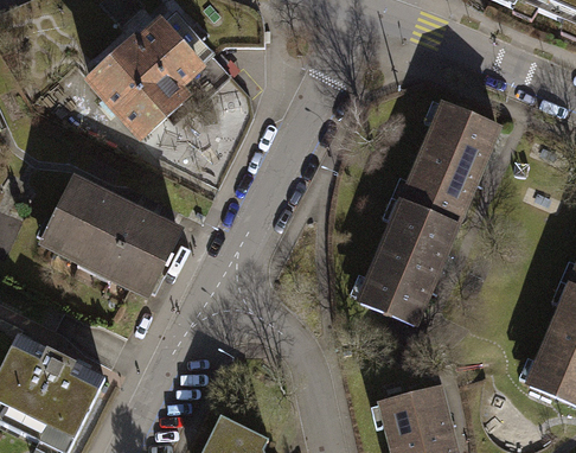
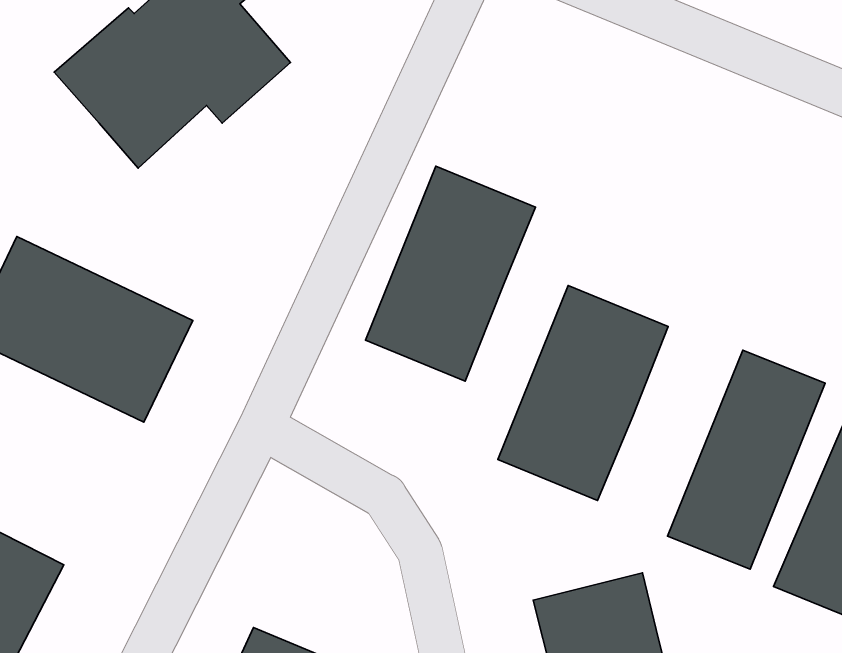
building: [399,101,503,231] -> [365,166,536,381]
building: none -> [668,350,825,569]

